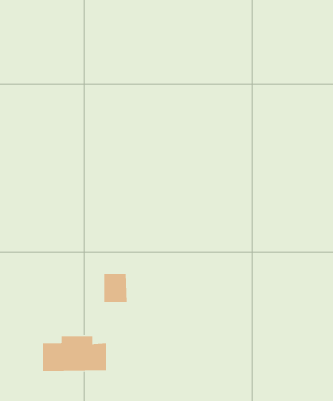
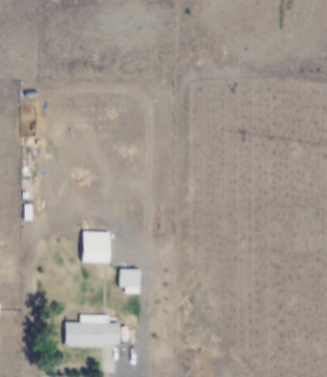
building: none -> [83,232,111,263]

